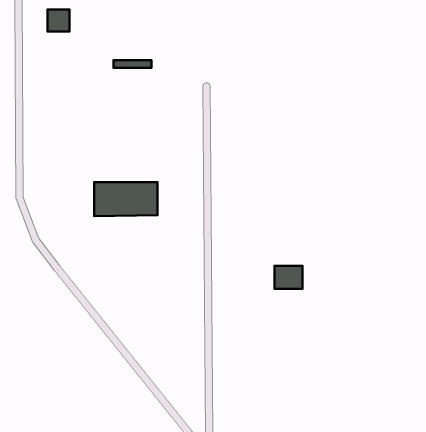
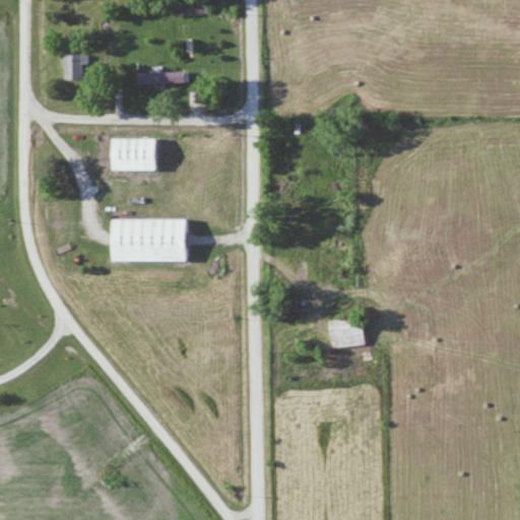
building: [48,9,70,31] -> [58,54,84,80]
building: none -> [112,138,158,171]

